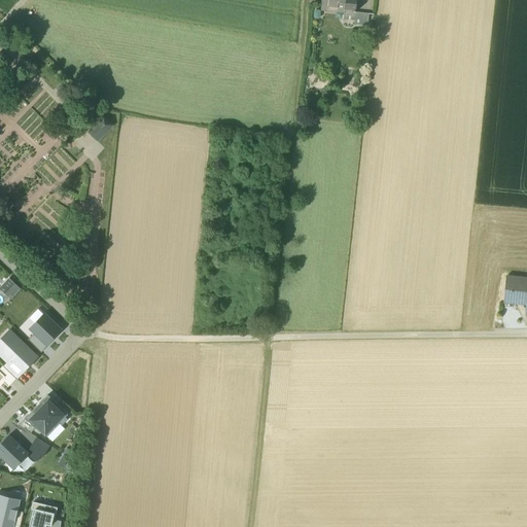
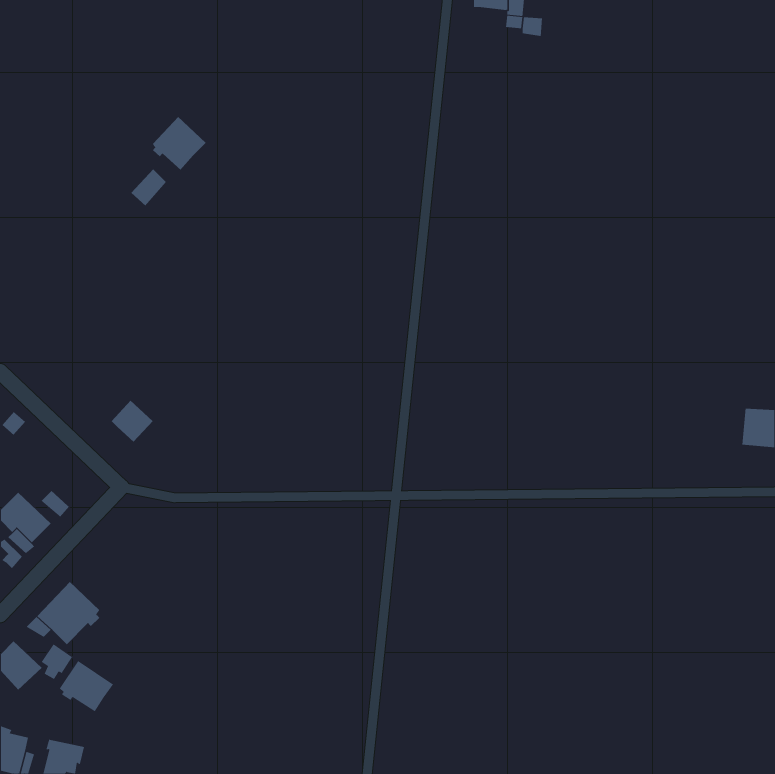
building: none -> [152,116,207,170]
building: [31,314,60,343] -> [111,400,153,442]
building: none -> [59,660,114,712]

